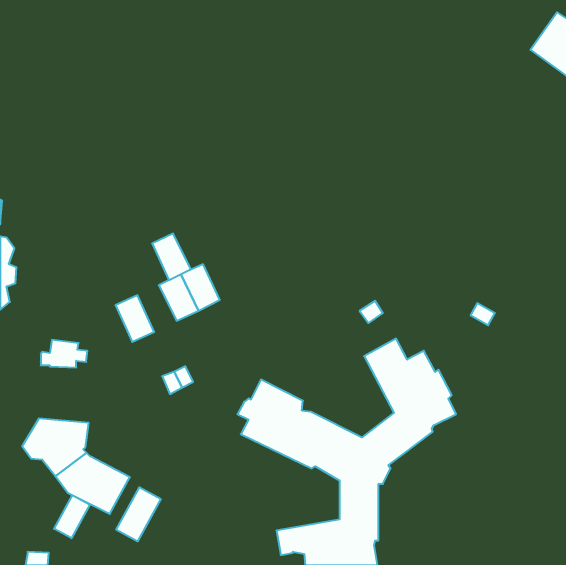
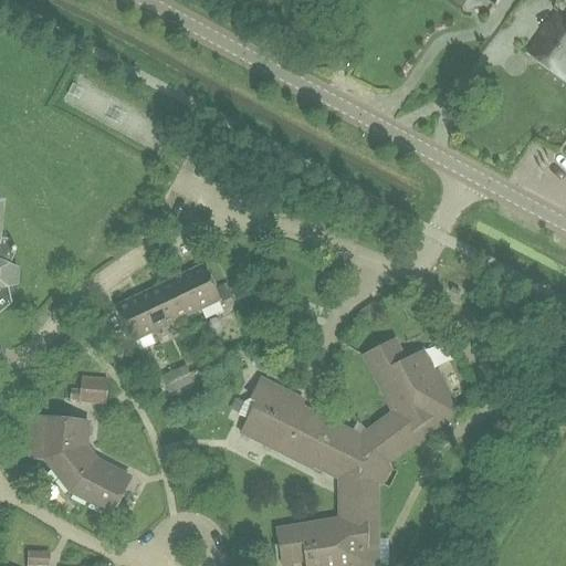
building: [152,234,191,280] -> [138,284,177,331]
building: [41,340,87,367] -> [71,375,117,402]
building: [116,487,161,541] -> none
building: [54,495,90,538] -> none

